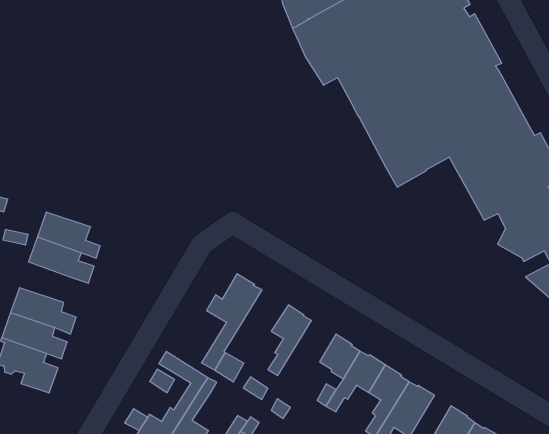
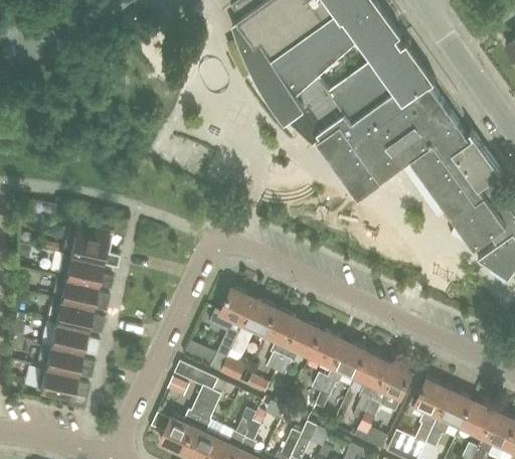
building: none -> [61,225,117,268]
building: none -> [46,300,103,335]
building: none -> [230,300,278,354]
building: none -> [276,321,321,375]

